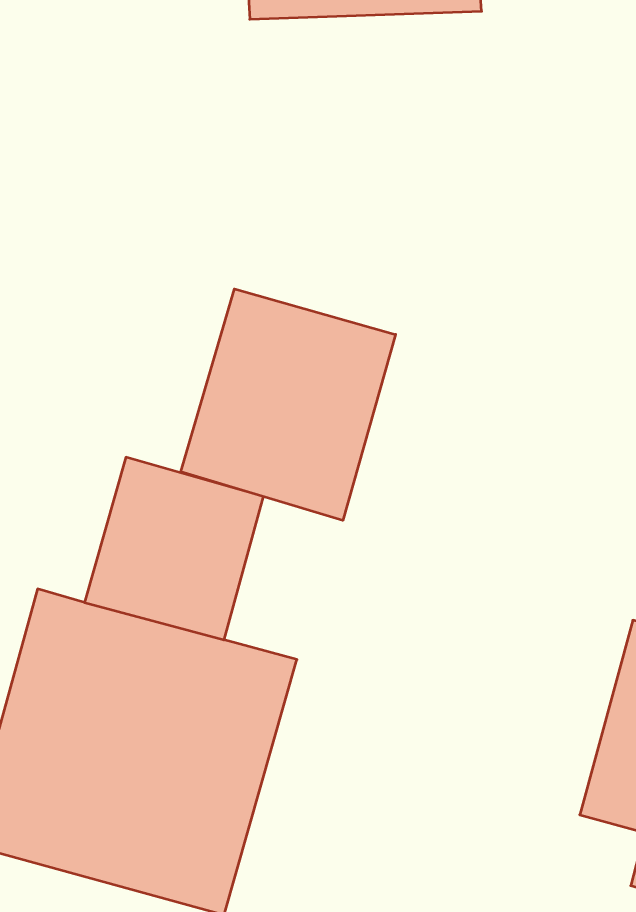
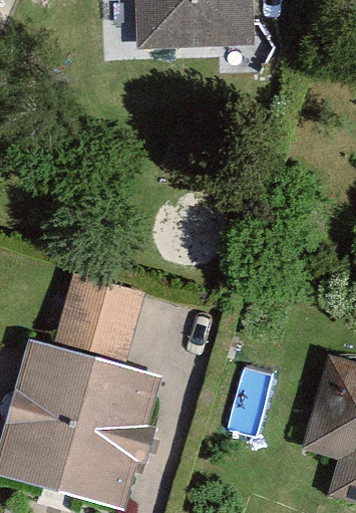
building: [181,289,396,520] -> none

